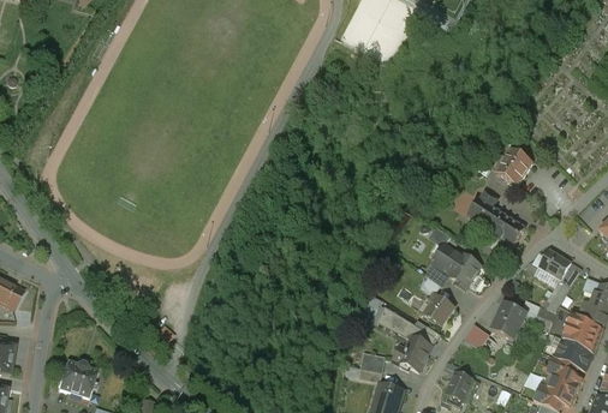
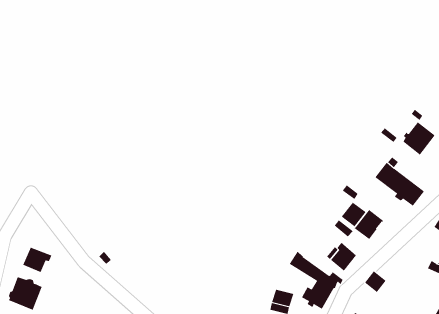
building: [493,301,526,340] -> none
building: none -> [22,247,52,273]

